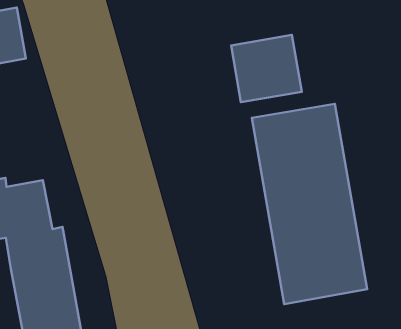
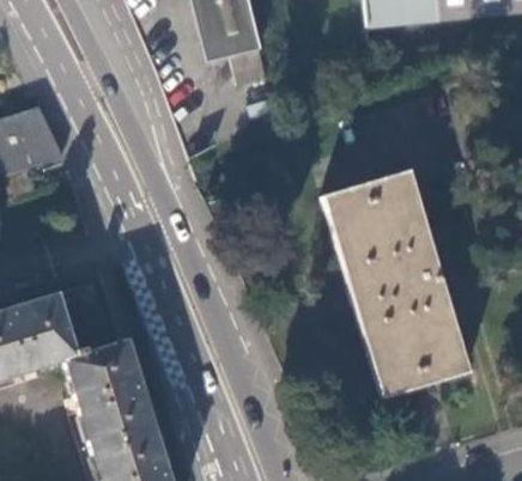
building: [231,35,302,102] -> none

